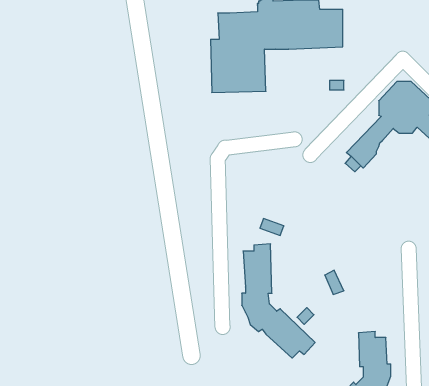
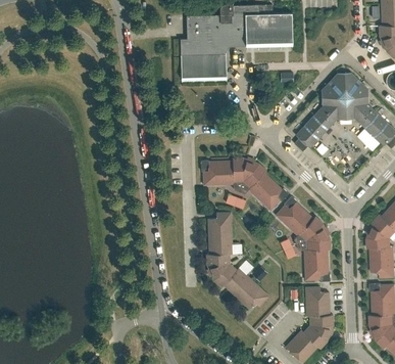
building: none -> [201,156,288,210]
building: none -> [276,195,330,281]

